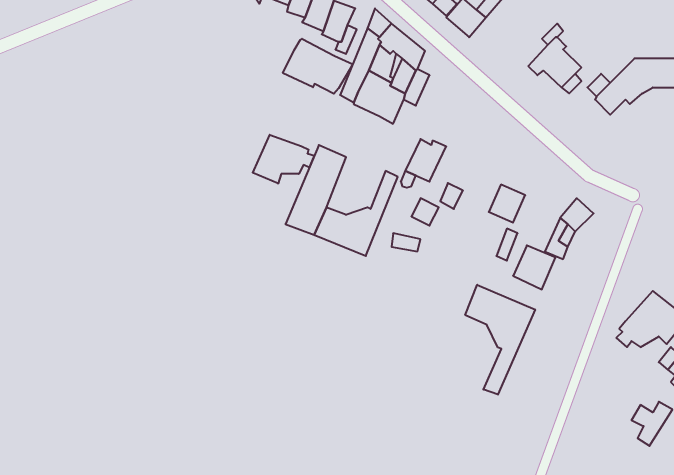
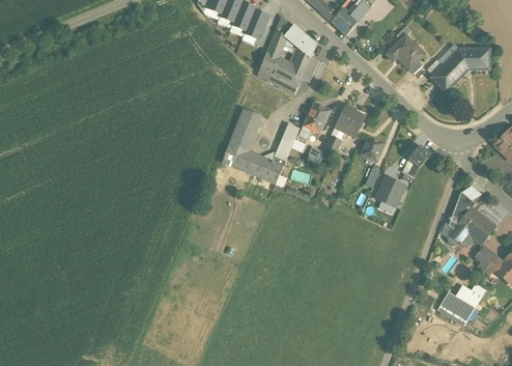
building: [283,39,353,94] -> none
building: [253,135,314,184] -> none
building: none -> [336,104,366,136]
building: none -> [449,190,476,228]
building: [465,285,535,395] -> none
building: none -> [436,289,470,323]

